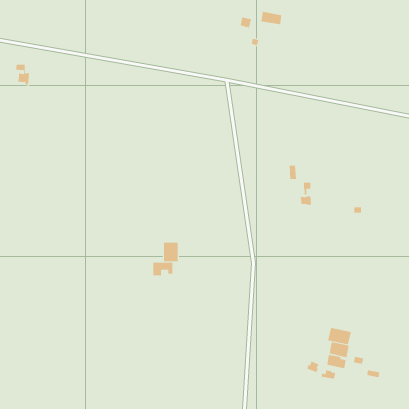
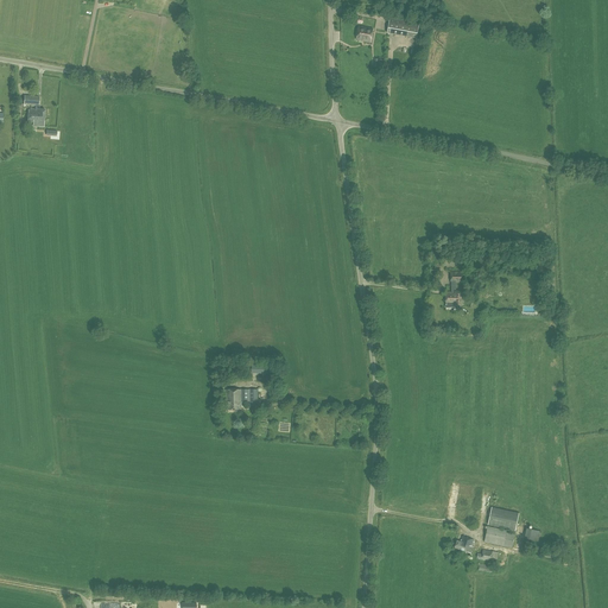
building: [164,242,178,262] -> none
building: [327,327,351,345] -> none

